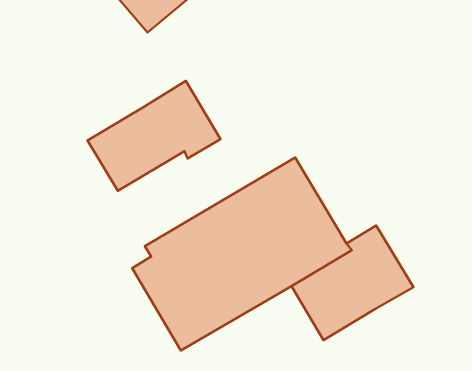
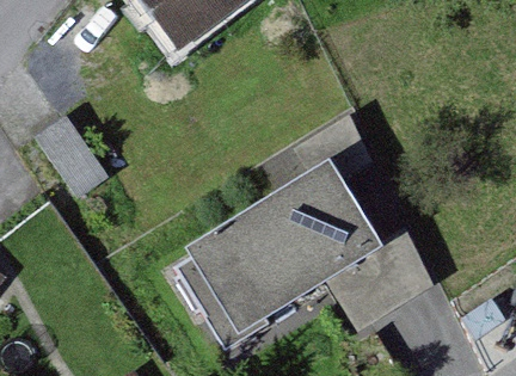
building: [88,81,220,191] -> none

